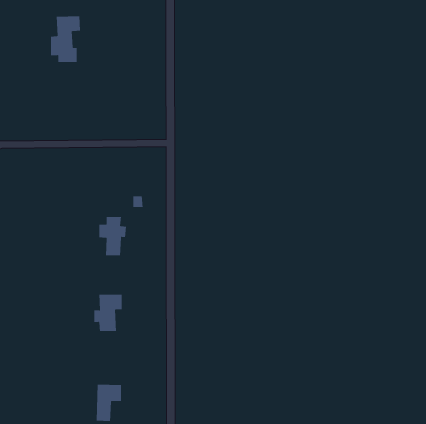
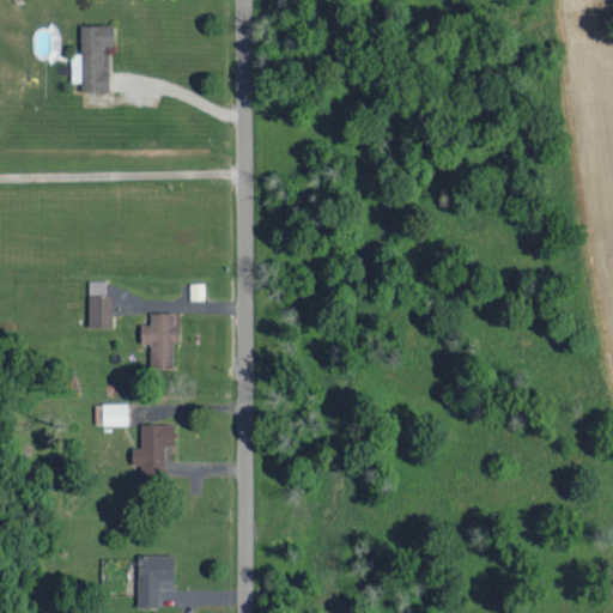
building: none -> [89,281,114,329]
building: none -> [96,403,129,426]

